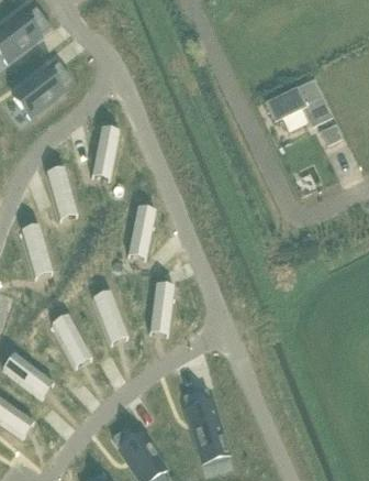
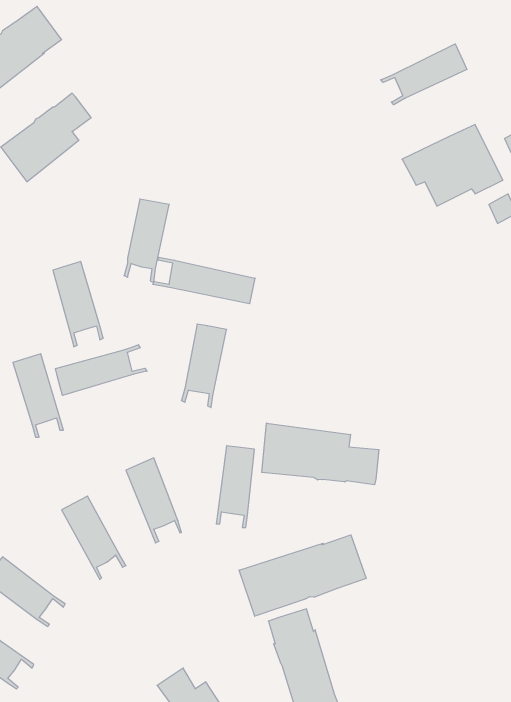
building: none -> [381,44,467,105]
building: none -> [153,257,255,304]
building: none -> [56,345,147,395]
building: none -> [262,423,379,485]
building: none -> [239,535,366,616]

